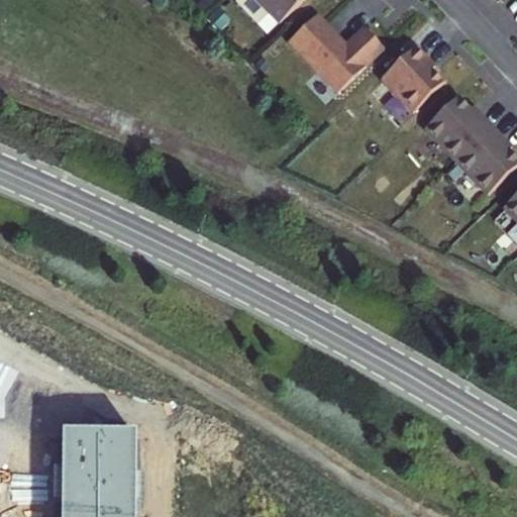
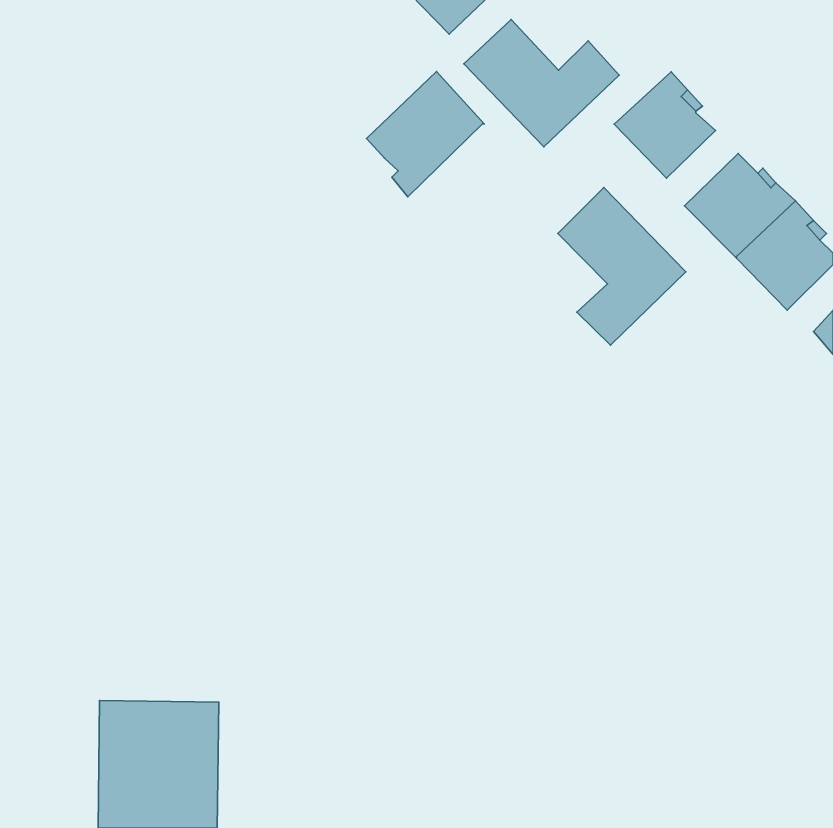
building: none -> [367,72,484,197]
building: none -> [558,187,686,345]

